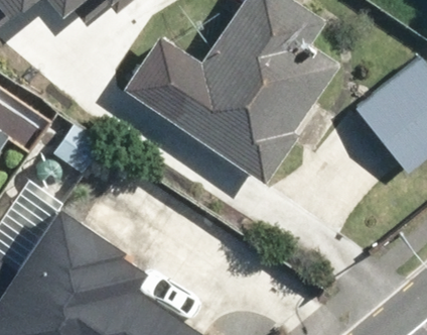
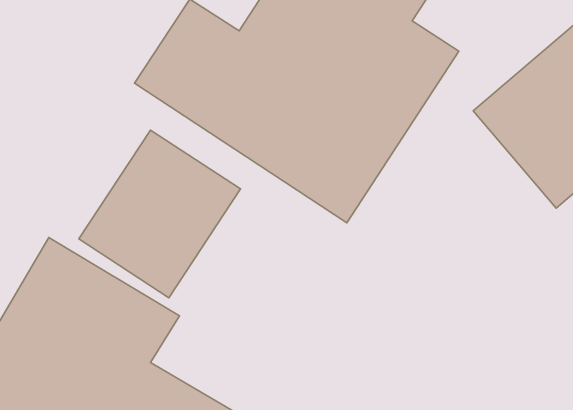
building: none -> [79,130,241,298]

